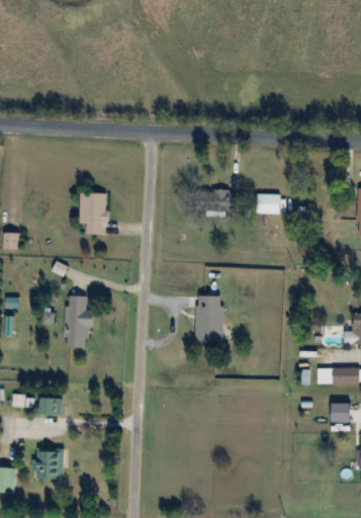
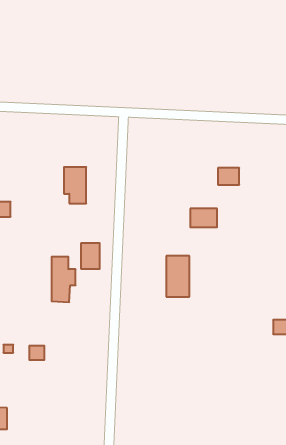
building: [207,190,238,211] -> [190,209,217,227]
building: none -> [81,243,100,269]
building: [35,447,63,480] -> none

